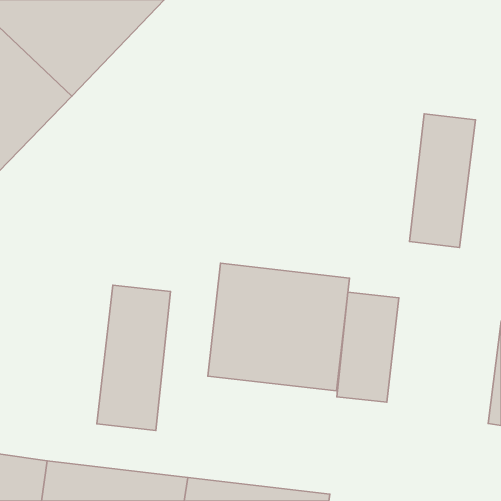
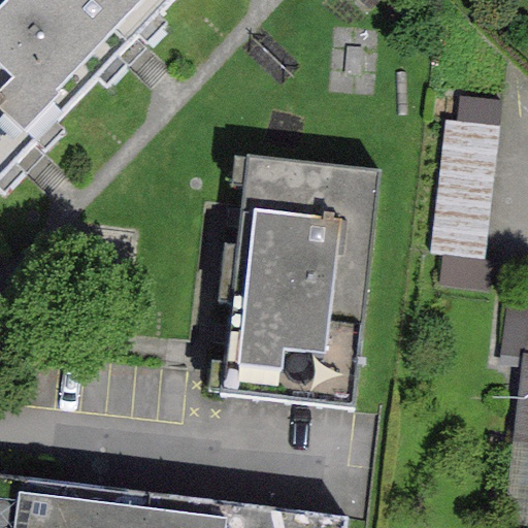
building: none -> [231,158,380,292]
building: [97,285,171,430] -> none
building: [337,292,399,402] -> none

